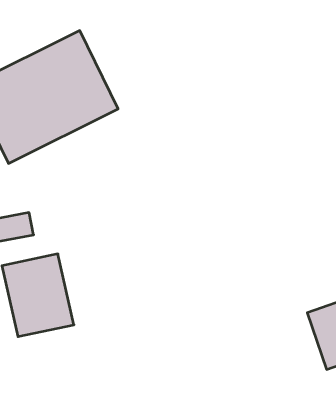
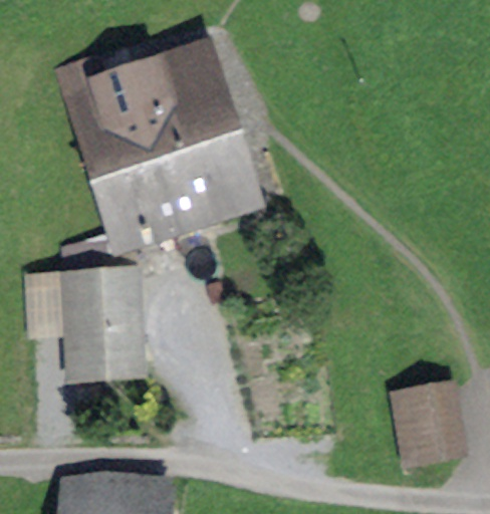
building: none -> [97,142,248,252]

